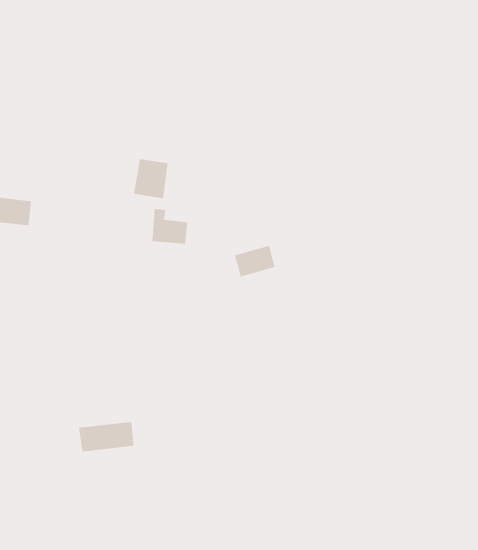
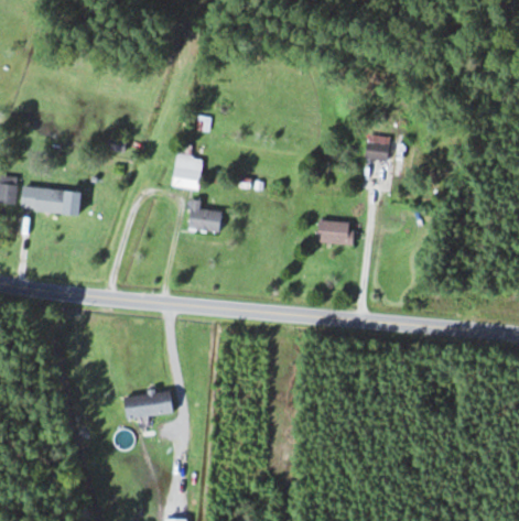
building: none -> [365,135,390,162]
building: [234,245,276,277] -> [315,218,353,247]

